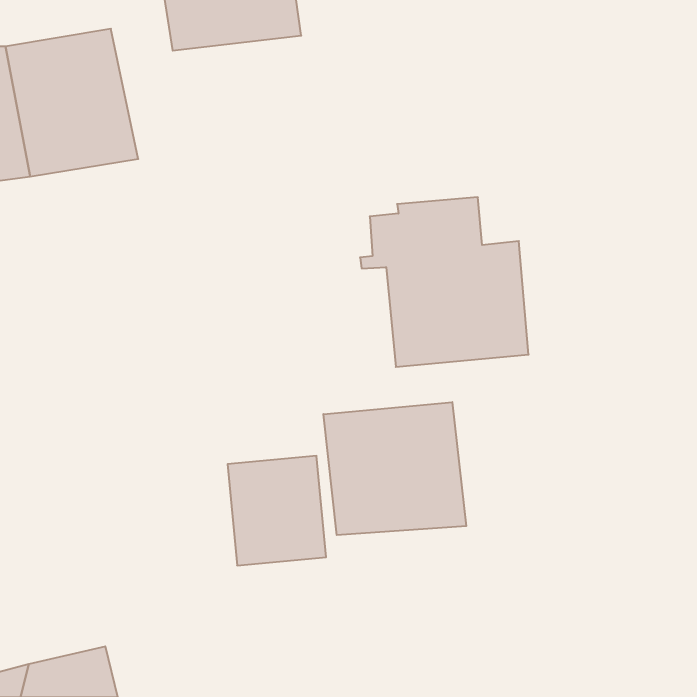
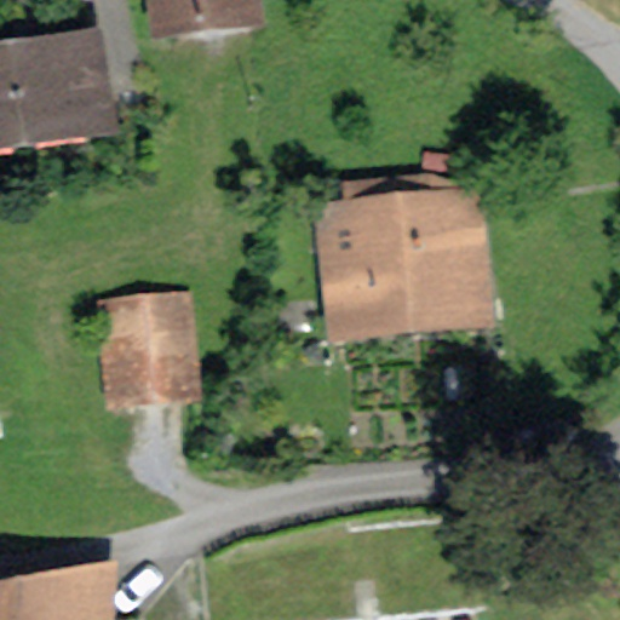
building: [323,402,466,535] -> none
building: [228,456,326,565] -> [103,300,190,397]

